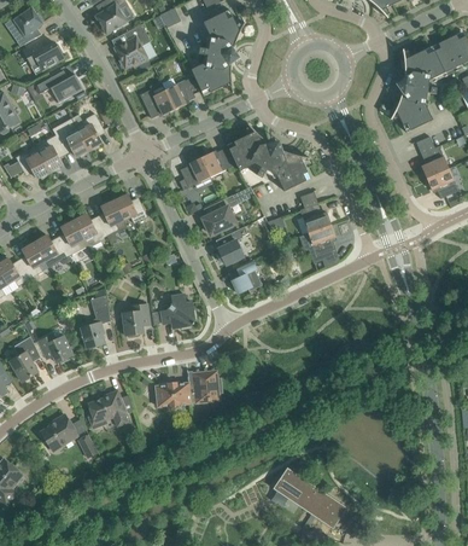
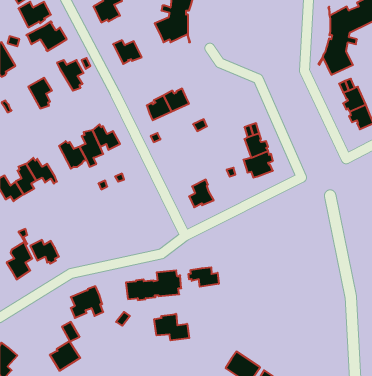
building: [164,77,195,110] -> none
building: [228,123,310,191] -> none
building: [51,124,89,158] -> none
building: [14,146,49,180] -> none
building: [203,197,238,234] -> none
building: [58,219,87,256] -> none
building: [215,226,247,265] -> none
building: [80,289,110,349] -> none
building: [160,295,197,329] -> none
building: [121,303,150,337] -> none
building: none -> [188,267,219,287]
building: [40,414,77,451] -> [50,341,80,371]
building: none -> [154,314,189,340]

